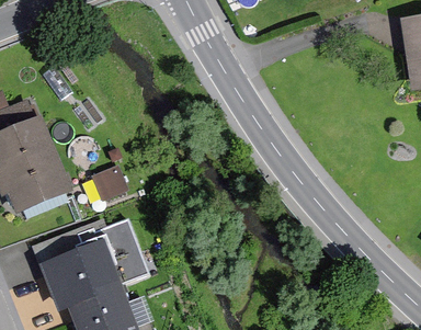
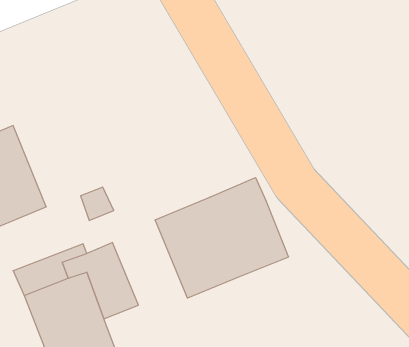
building: none -> [155,178,289,298]

